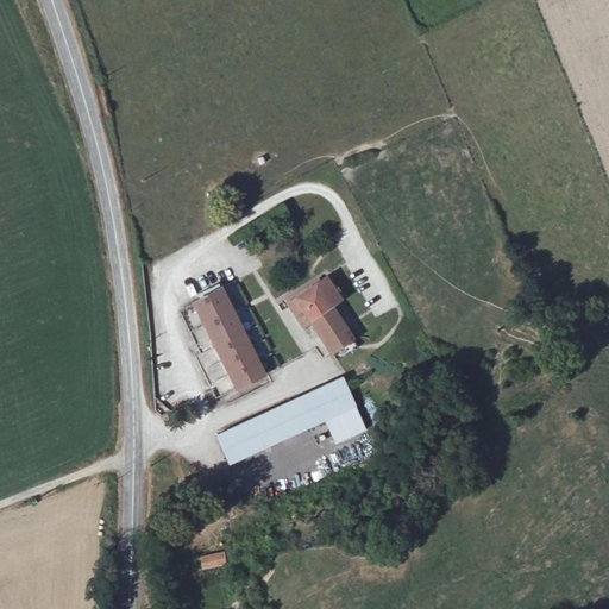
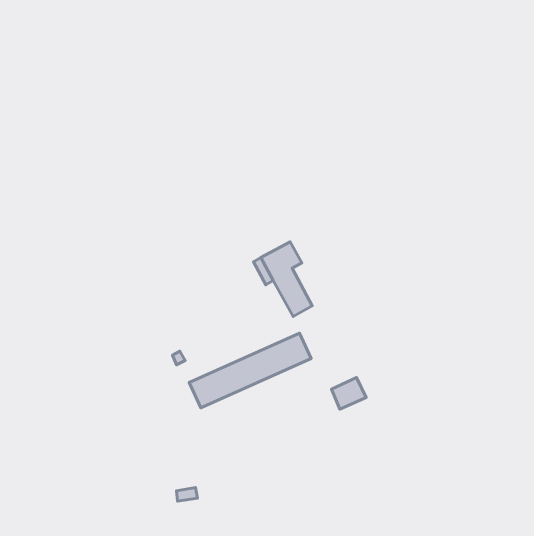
building: [190,285,260,384] -> none
building: [327,407,366,442] -> [331,378,366,409]

